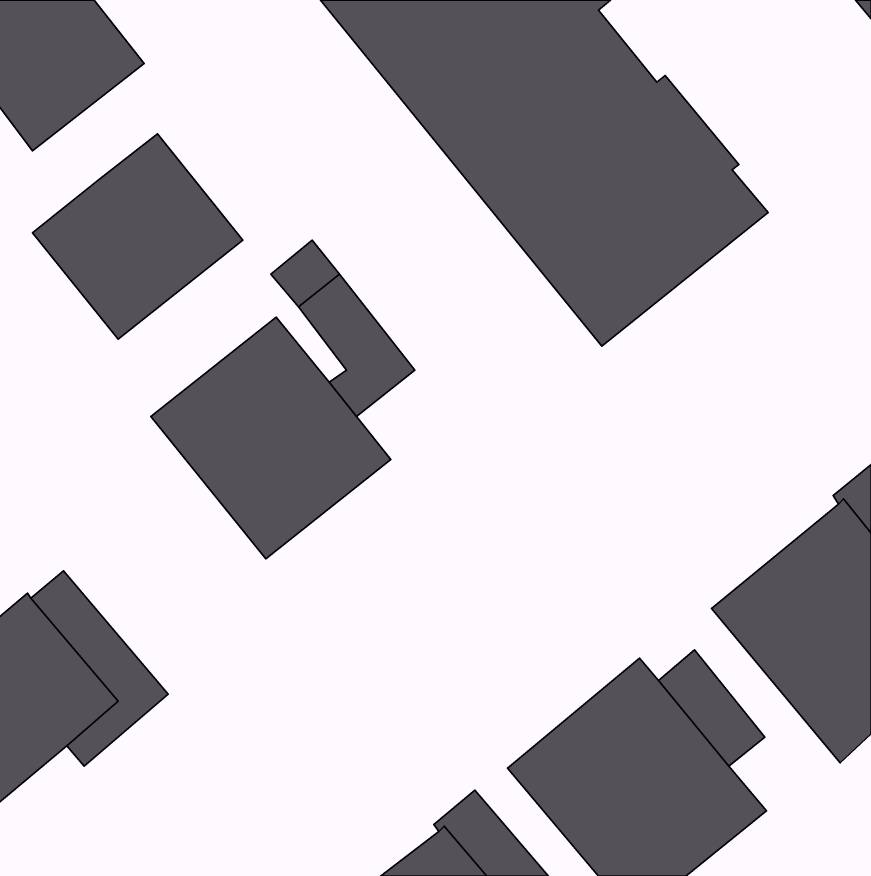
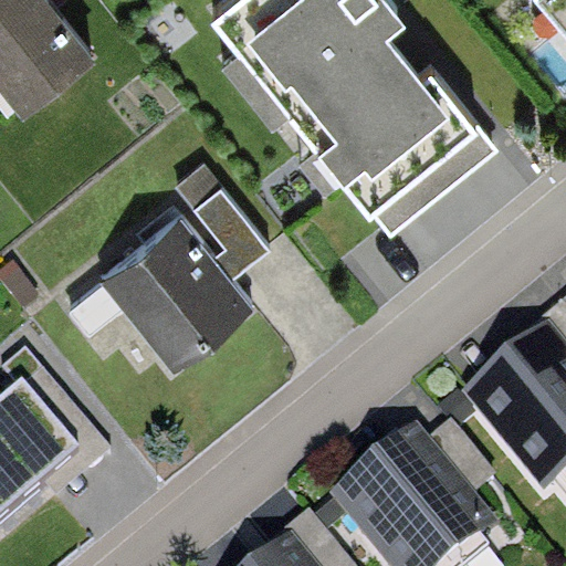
building: [33,134,243,339] -> none

